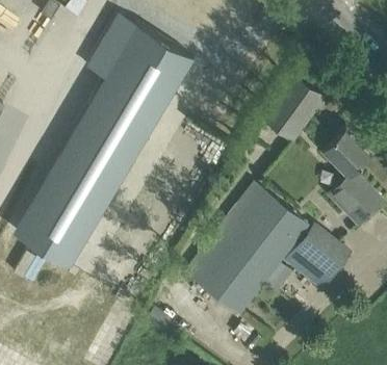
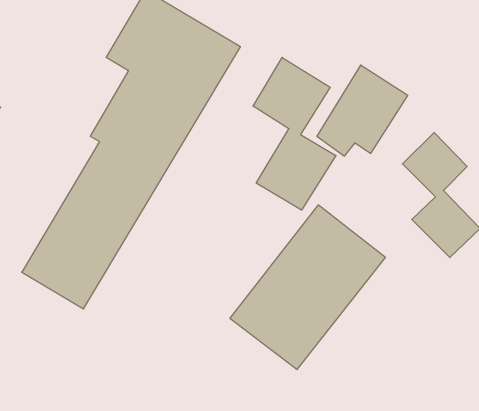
building: none -> [253,57,336,210]
building: [286,229,349,288] -> none

